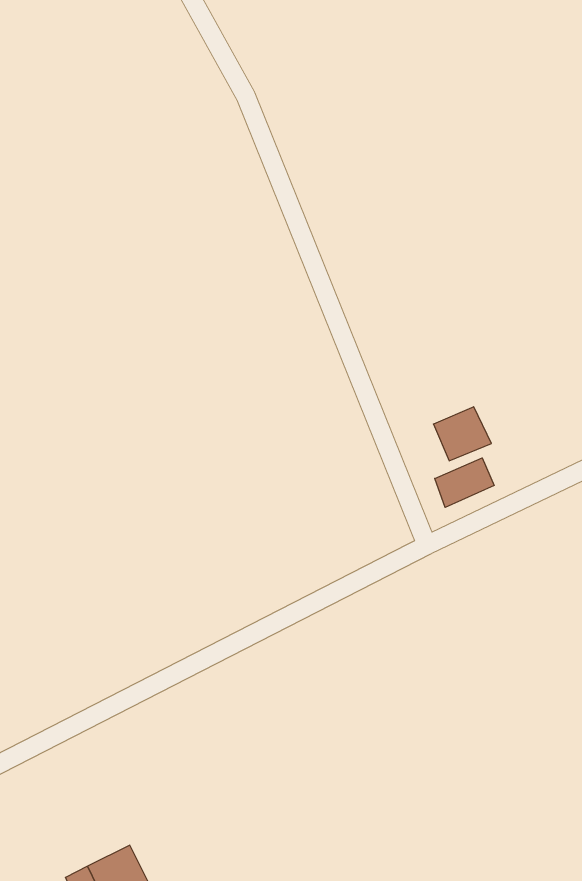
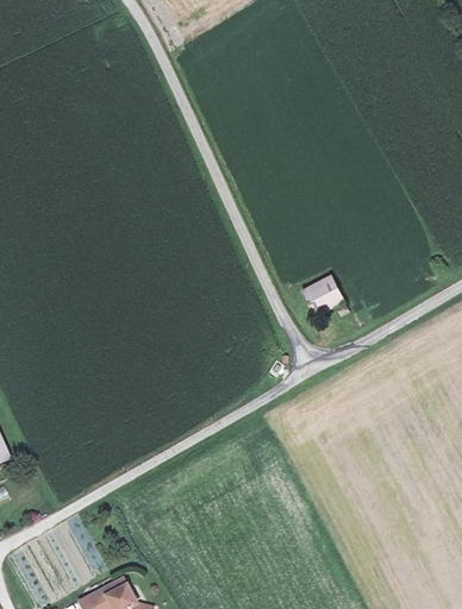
building: [435,458,494,507] -> none

